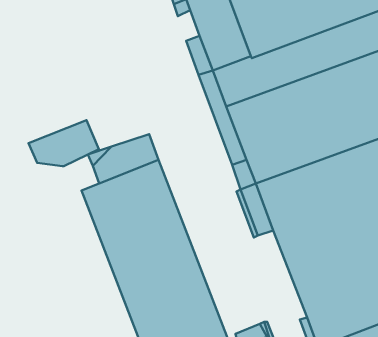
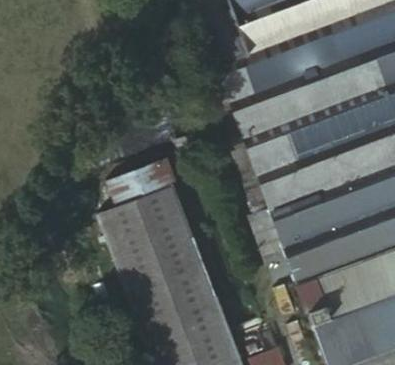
building: [29,120,99,166] -> none

